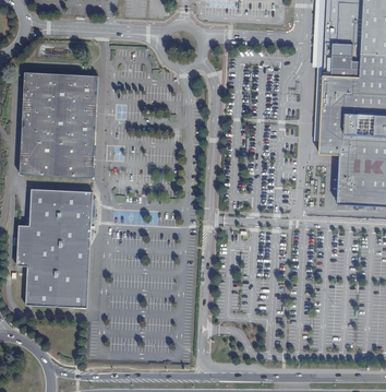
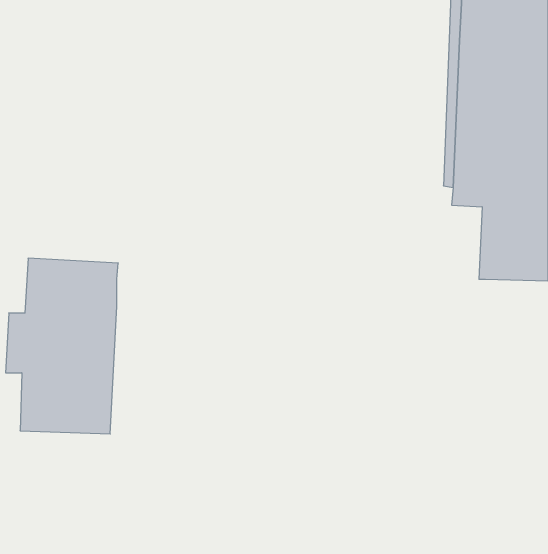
building: [20,72,98,178] -> none

